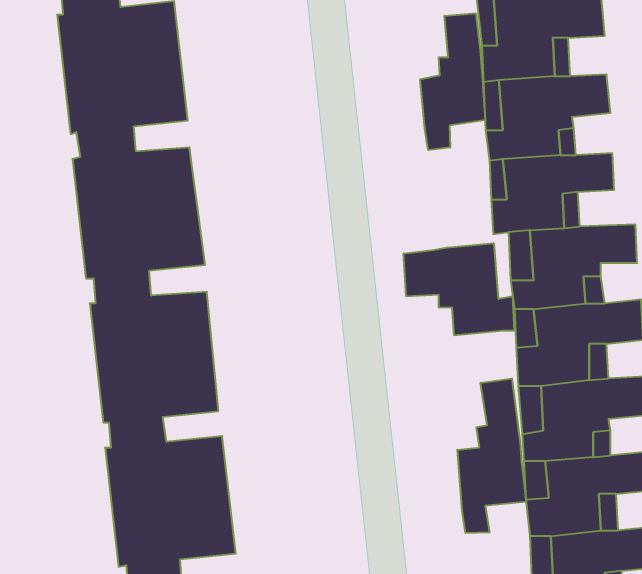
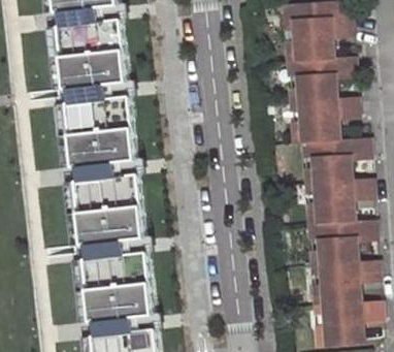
building: [420,13,485,150] -> none
building: [404,243,514,335] -> none
building: [457,378,526,533] -> none

